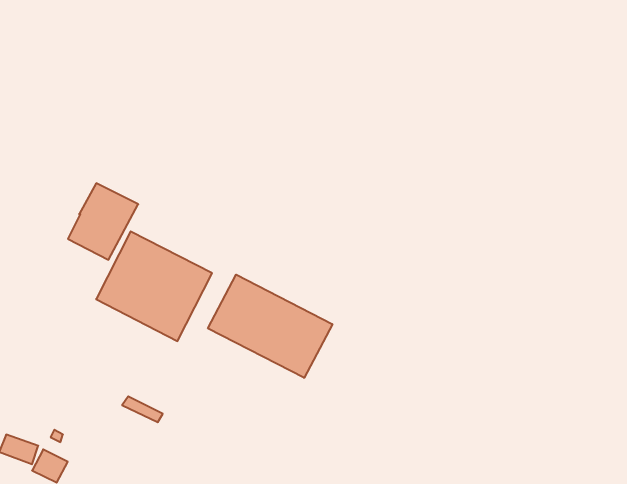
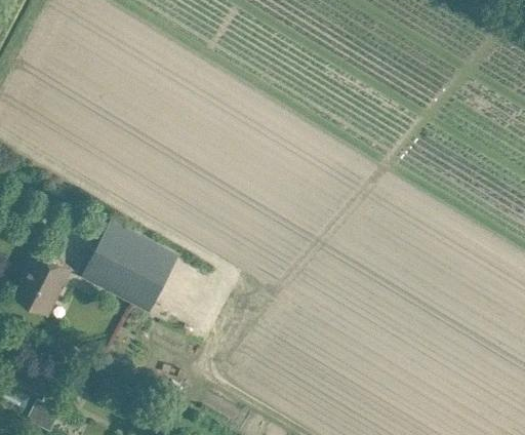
building: [68,183,138,260] -> [13,252,72,316]
building: [208,275,332,378] -> none

